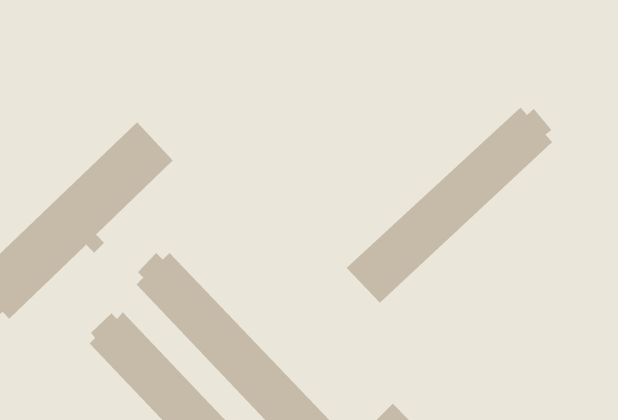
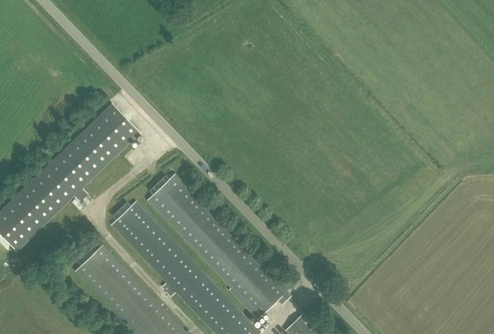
building: [346,107,553,303] -> none
building: none -> [147,175,290,319]

